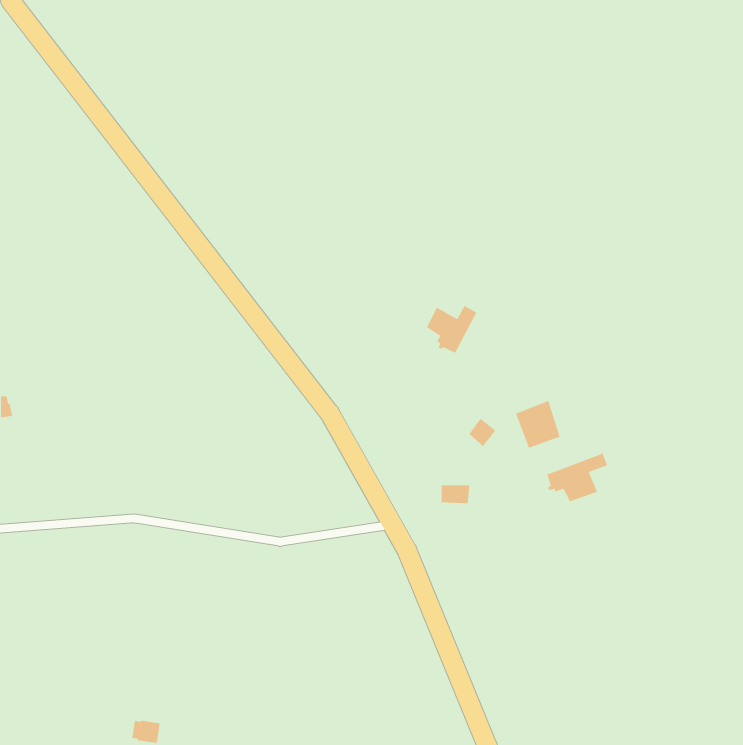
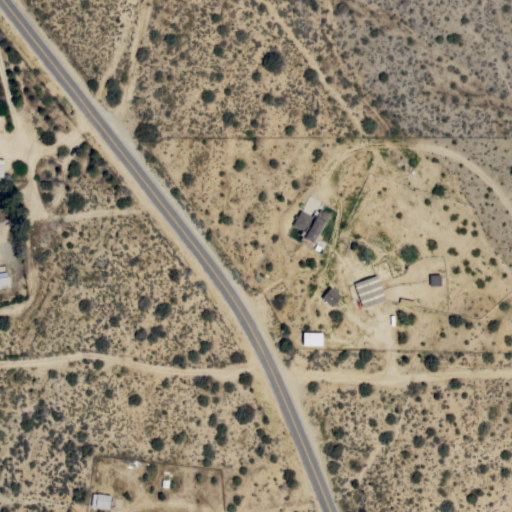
building: [546,453,608,502] -> none

